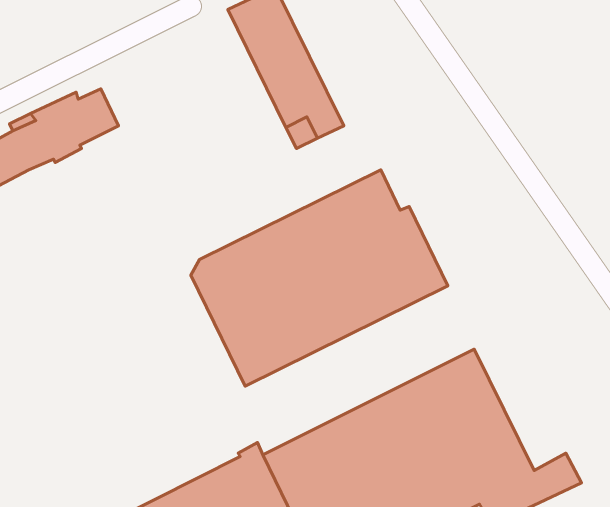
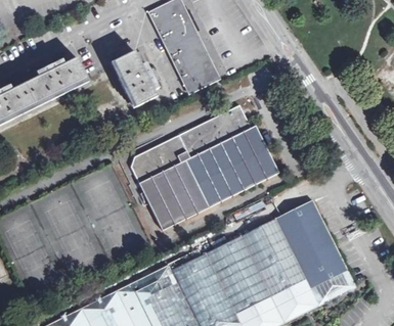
building: none -> [113,50,158,106]
building: none -> [294,199,347,279]

